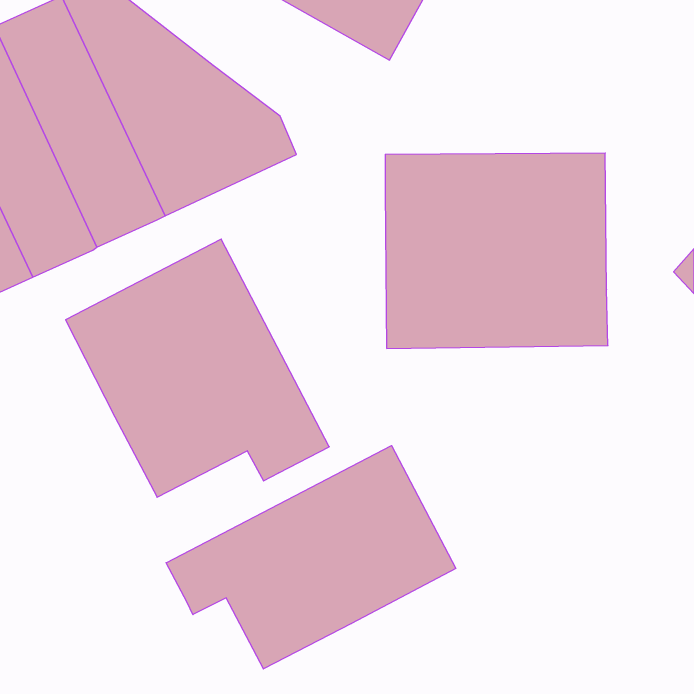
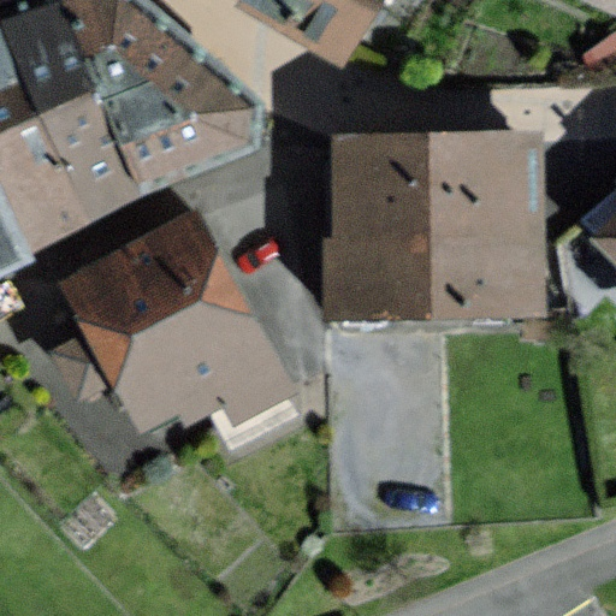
building: [166,446,456,669] -> none

